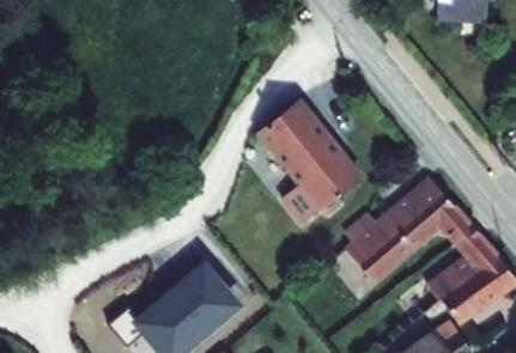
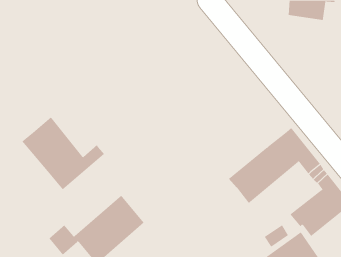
building: [259,102,359,207] -> none
building: none -> [22,117,105,190]

